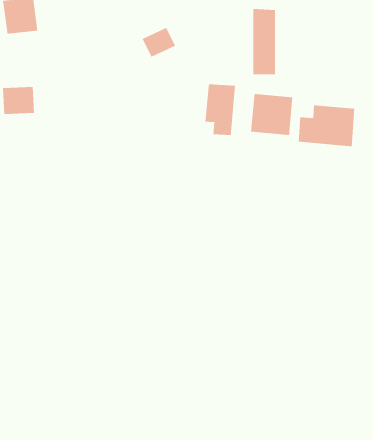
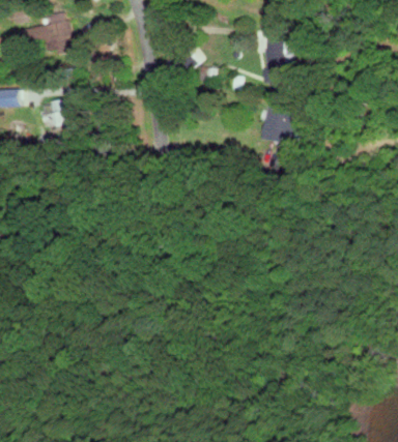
building: [205,84,236,136] -> none
building: [298,104,355,147] -> none

